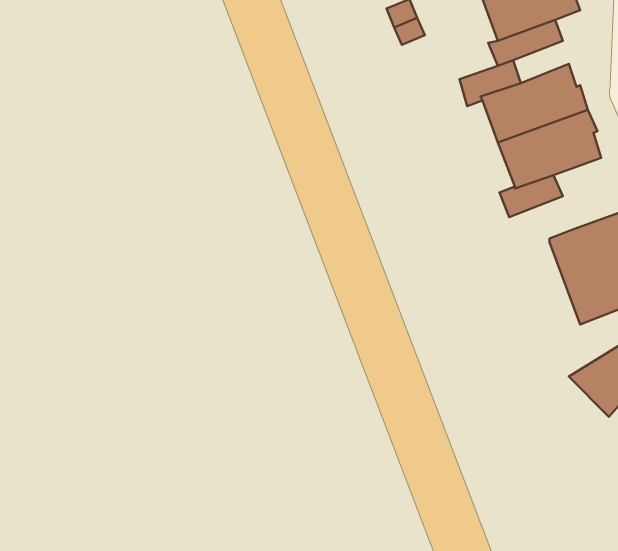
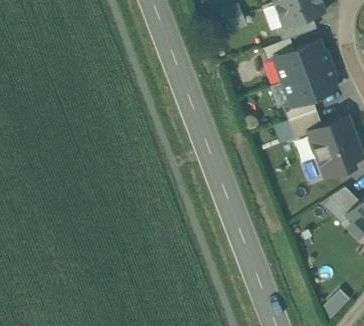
building: none -> [288,110,322,139]

